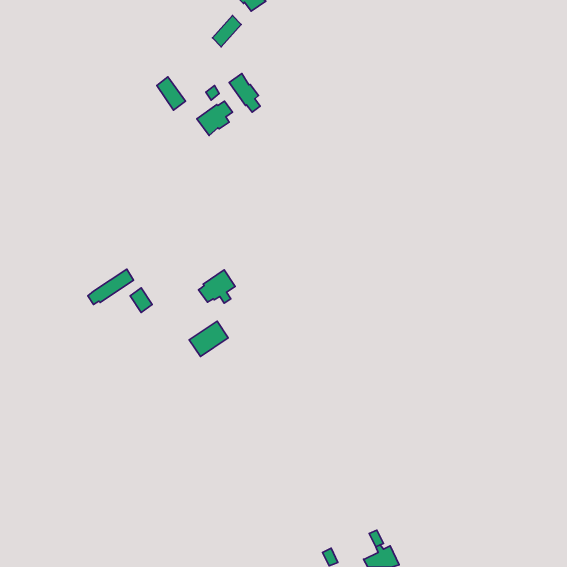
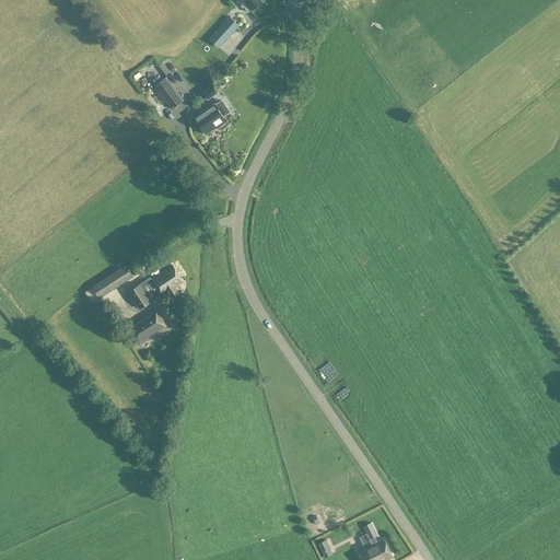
building: [229,74,260,112] -> none
building: [199,270,235,303] -> [147,264,183,296]
building: [189,321,228,357] -> [129,310,167,345]

